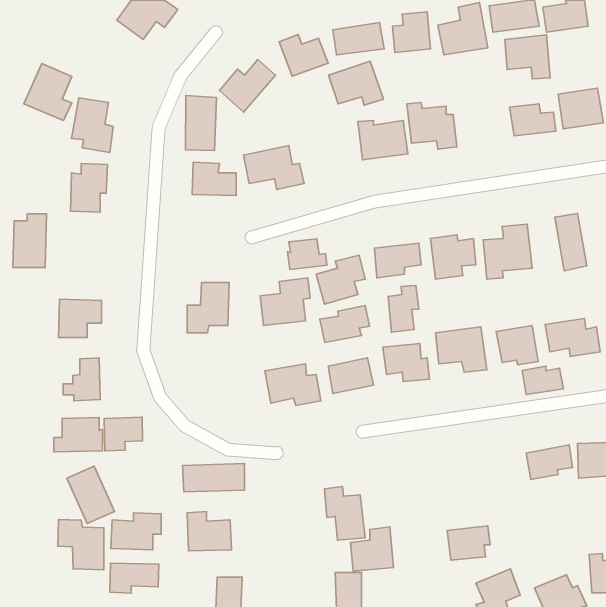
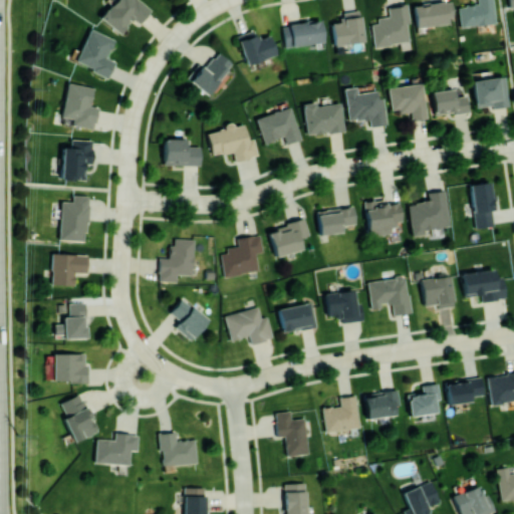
building: [505,35,550,79] -> [390,84,428,121]
building: [329,61,383,105] -> [257,107,303,145]
building: [24,63,72,121] -> [76,29,116,77]
building: [185,96,217,151] -> none
building: [13,214,46,267] -> [61,197,89,242]
building: [288,239,327,270] -> none
building: [388,285,419,332] -> none
building: [320,306,370,343] -> none
building: none -> [171,298,209,341]
building: [522,366,563,394] -> none
building: [104,417,143,451] -> none
building: none -> [409,384,441,416]
building: [183,464,245,492] -> none
building: [58,519,104,570] -> none
building: [447,526,490,560] -> [364,391,401,420]
building: [351,527,394,571] -> [324,396,360,433]
building: [110,563,159,593] -> none

